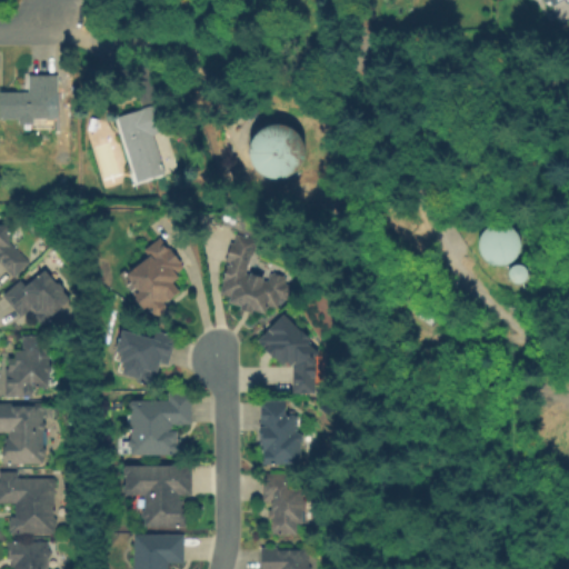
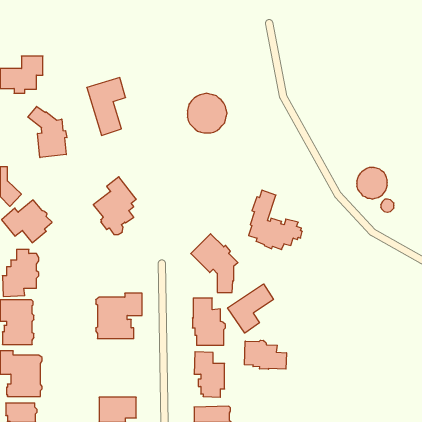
building: none -> [28,106,67,158]
building: [219,234,291,315] -> [249,190,302,250]
building: [112,329,176,386] -> none
building: none -> [228,284,273,333]
building: none -> [244,340,286,369]
building: [122,466,191,527] -> none

